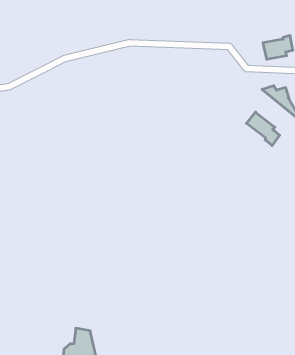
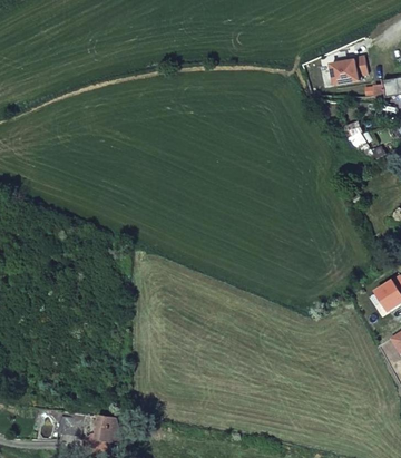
building: [246,112,280,146] -> none

